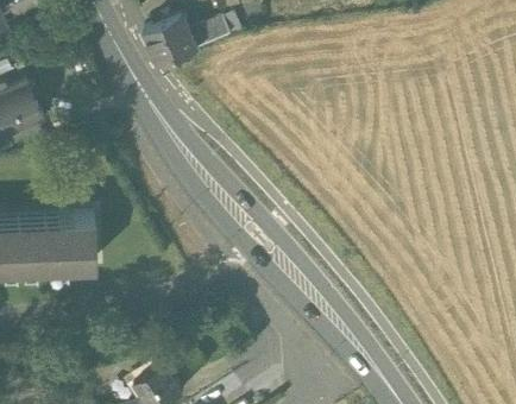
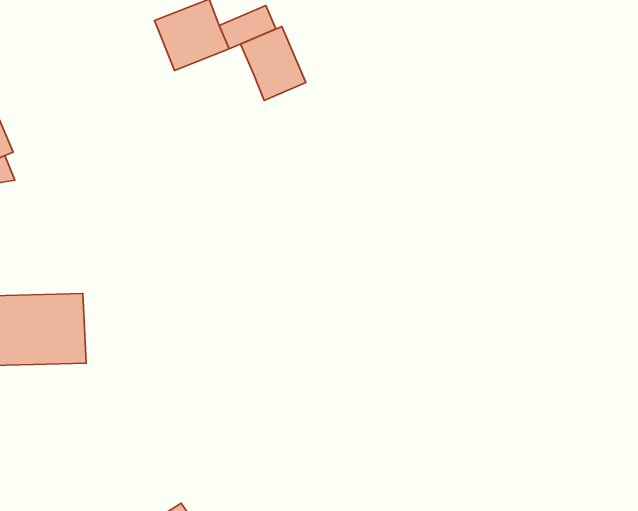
building: none -> [240,26,306,100]

